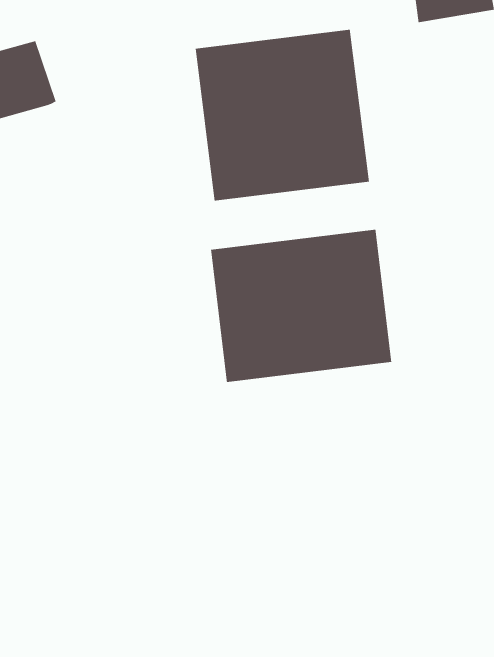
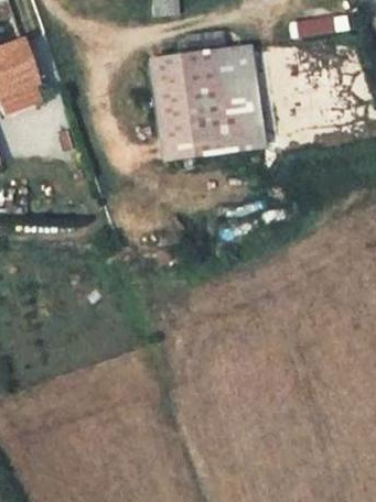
building: [210,229,392,383] -> none

